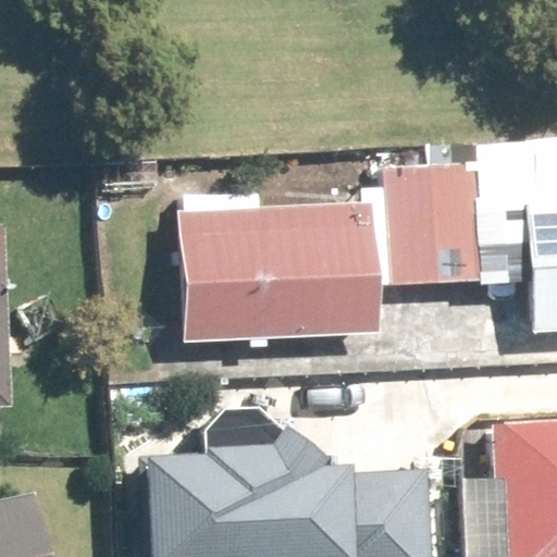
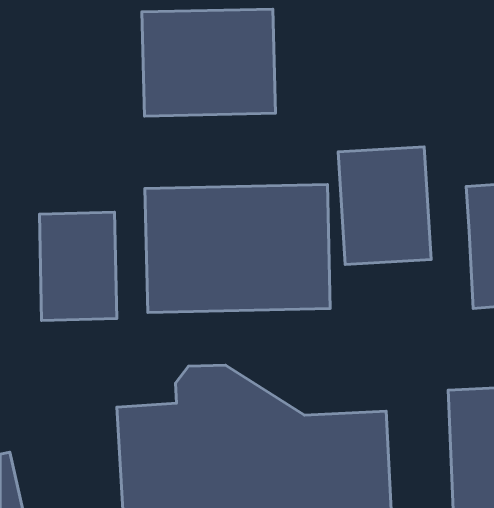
building: none -> [142,9,276,116]
building: none -> [39,212,117,320]

